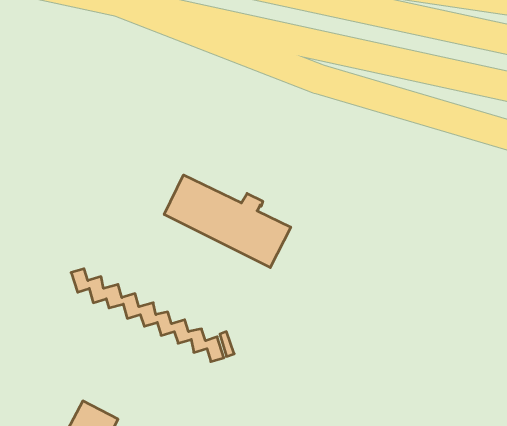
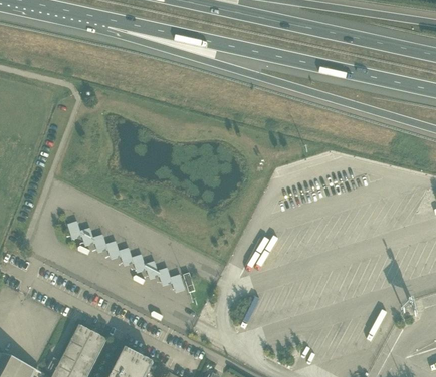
building: [164,175,291,268] -> none

